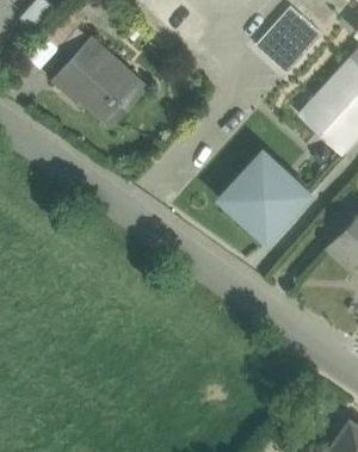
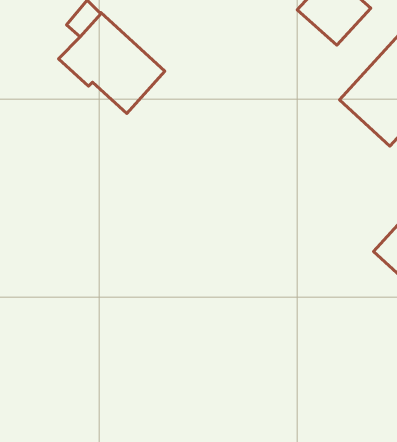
building: [221,151,311,242] -> none

